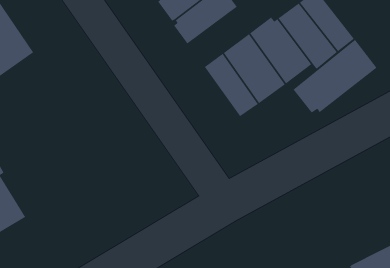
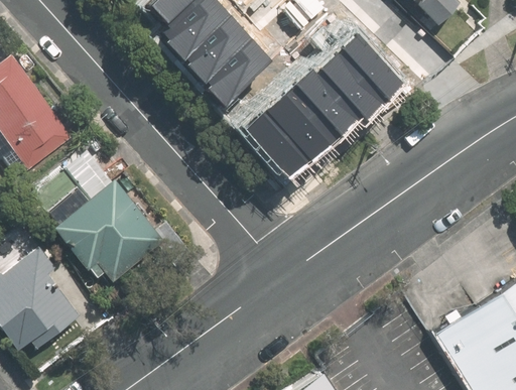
building: [293,39,377,114] -> none
building: none -> [45,171,189,277]

